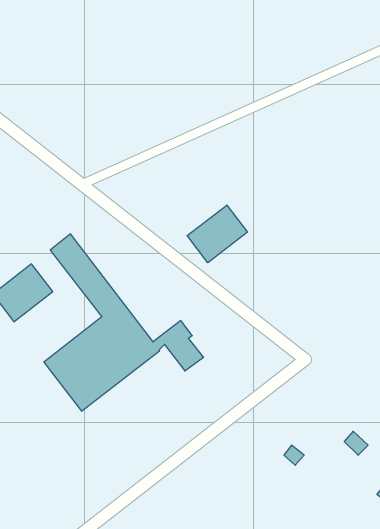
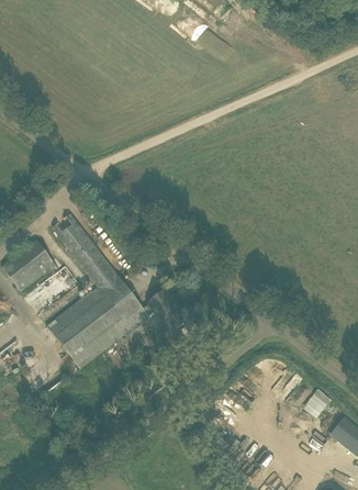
building: [187,205,248,263] -> none

